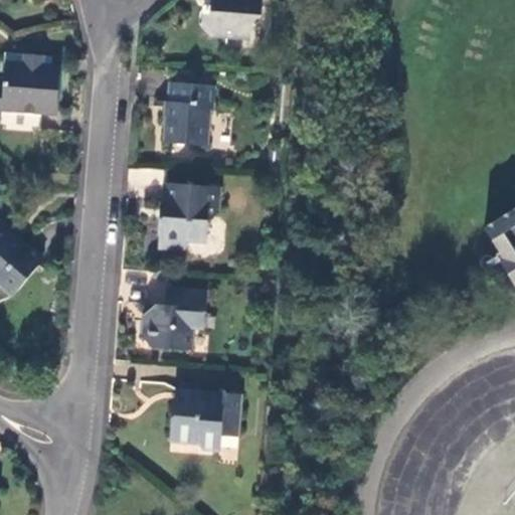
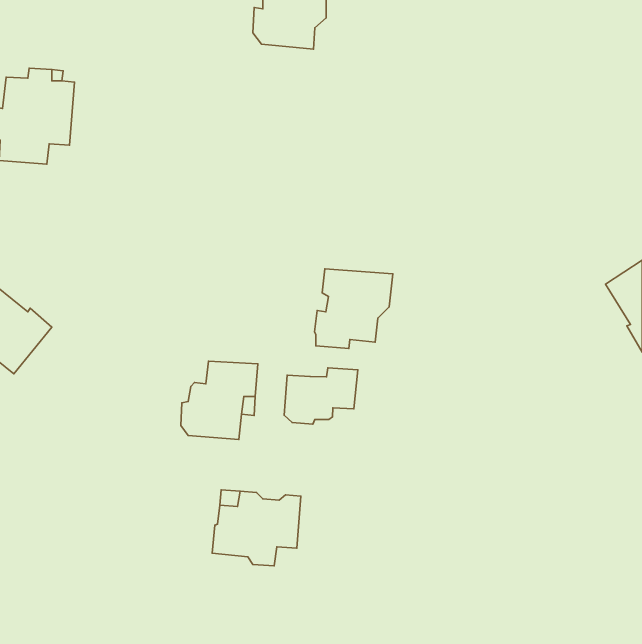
building: [166,82,214,145] -> none
building: [157,184,219,247] -> [315,269,393,348]
building: none -> [284,368,358,424]

